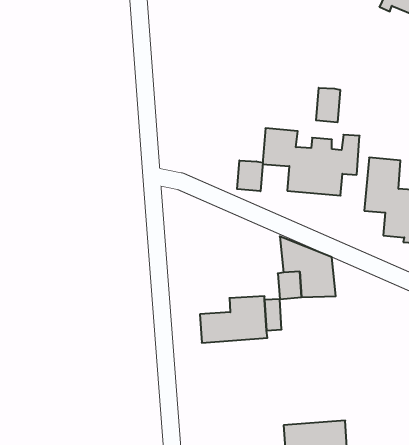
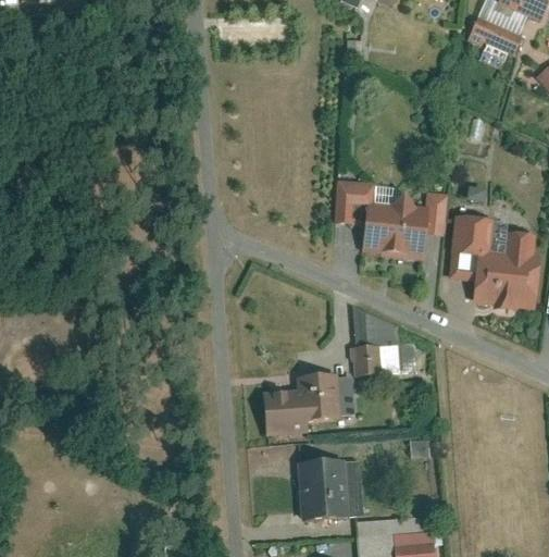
building: [316,88,340,122] -> none
building: [237,160,263,191] -> none
building: none -> [297,460,362,520]

